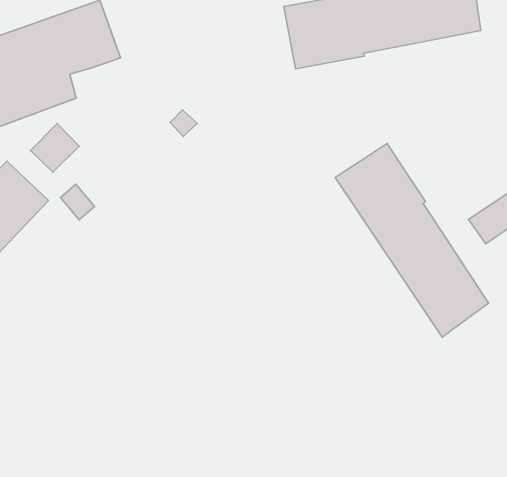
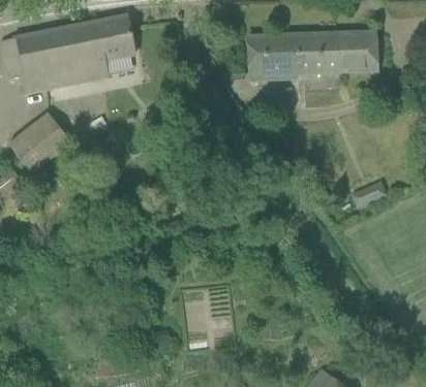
building: [31,123,79,172] -> none
building: [335,144,488,337] -> none

